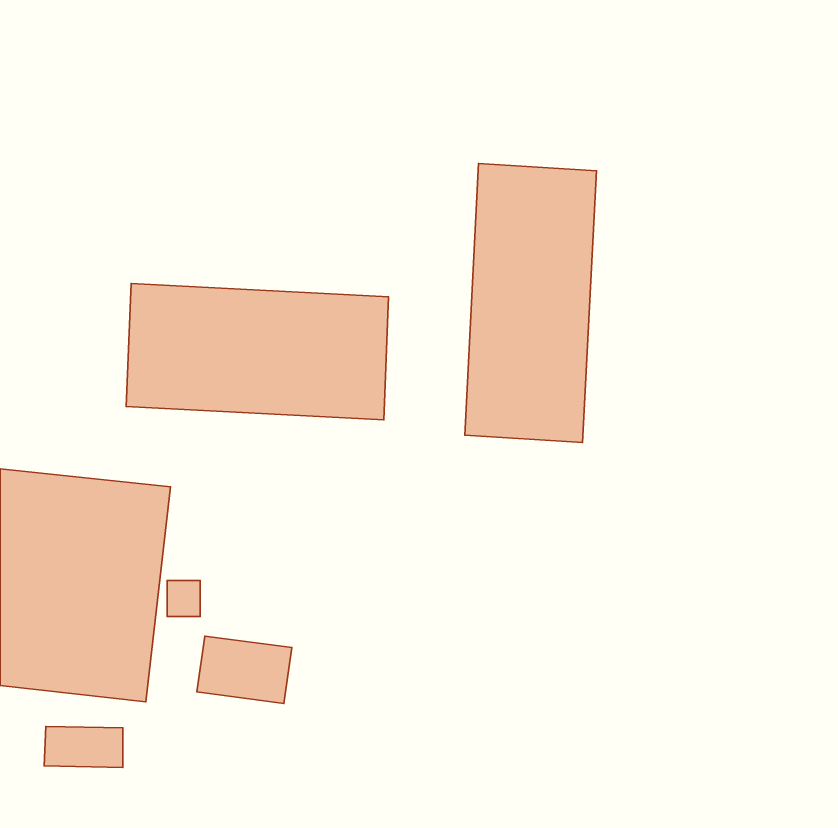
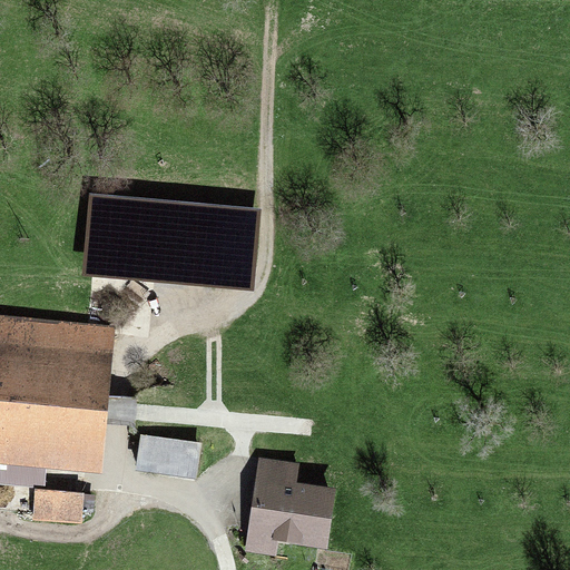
building: [465,163,596,443] -> none
building: none -> [244,460,334,554]

